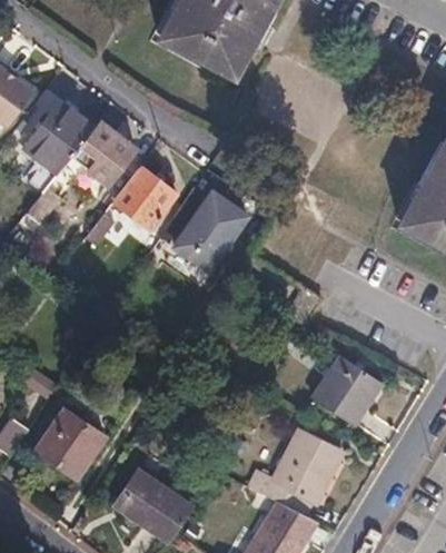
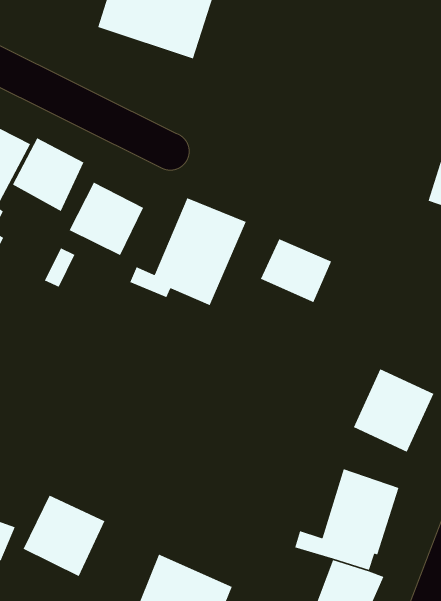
building: none -> [260,238,332,303]

